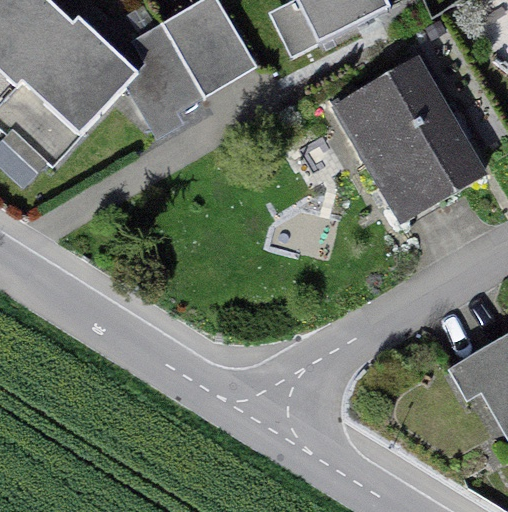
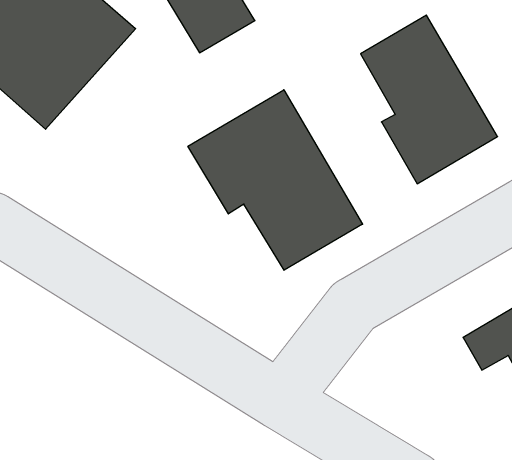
building: none -> [188,90,363,270]

